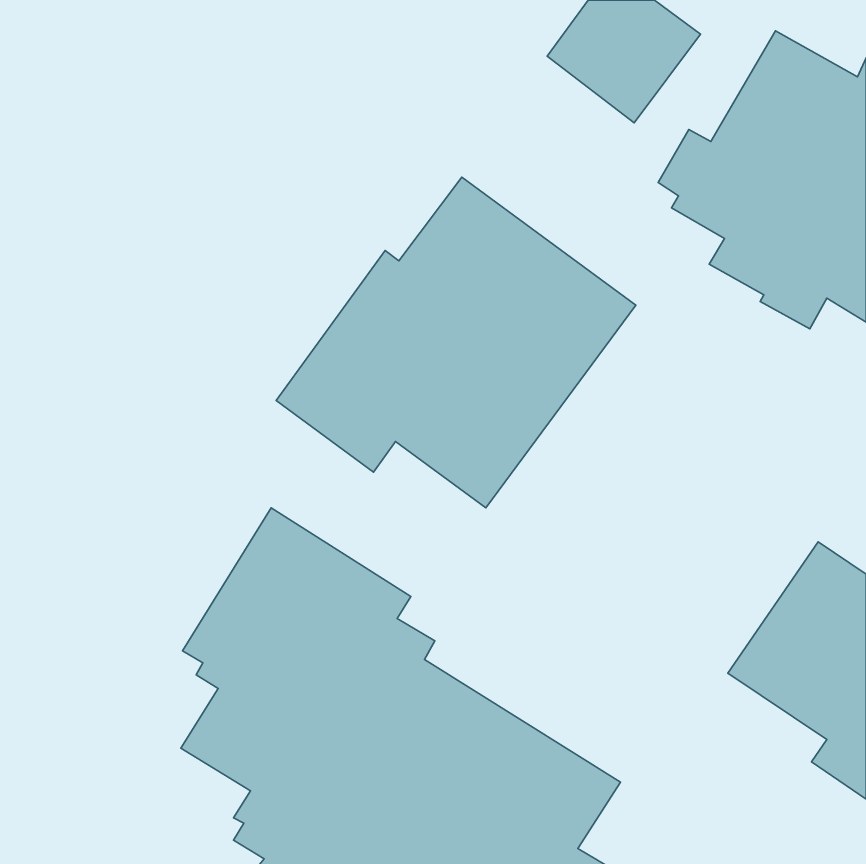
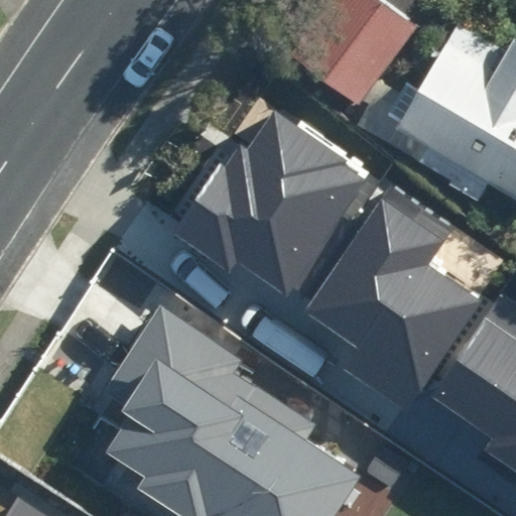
building: none -> [308,197,477,416]

